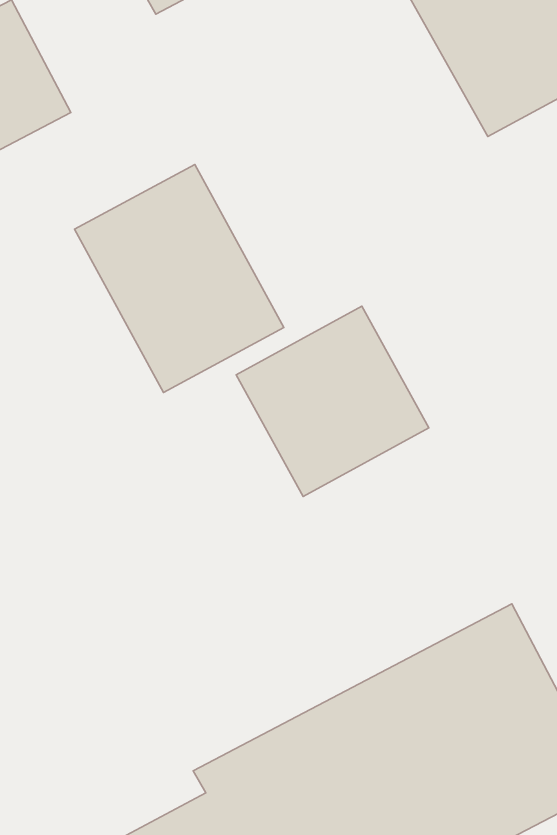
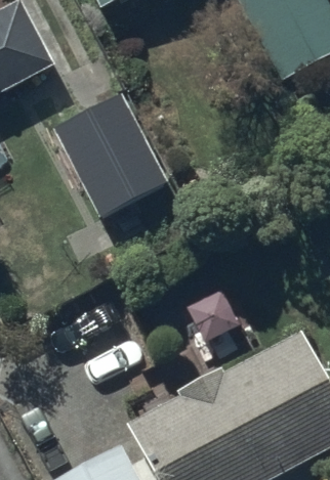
building: [236,306,429,497] -> none

